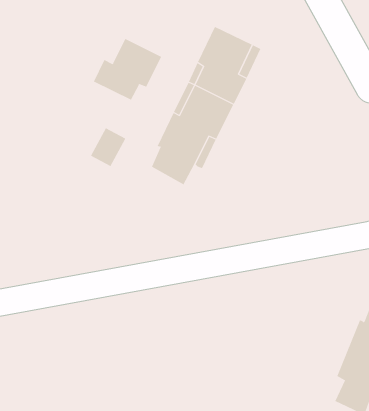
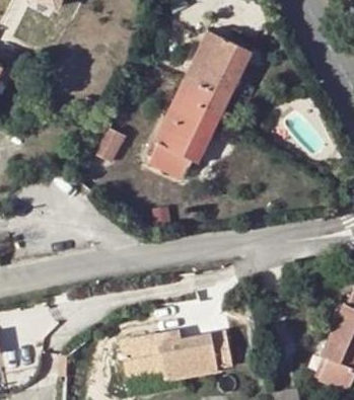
building: [93,38,162,101] -> none
building: none -> [120,329,233,382]

